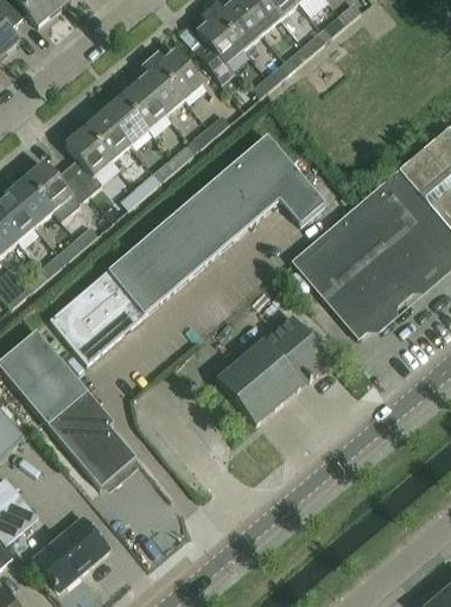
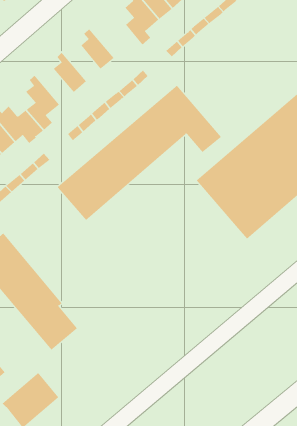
building: [151,50,203,98] -> none
building: [114,82,165,129] -> none
building: [78,113,129,160] -> none
building: [50,270,146,363] -> none
building: [217,314,331,423] -> none

